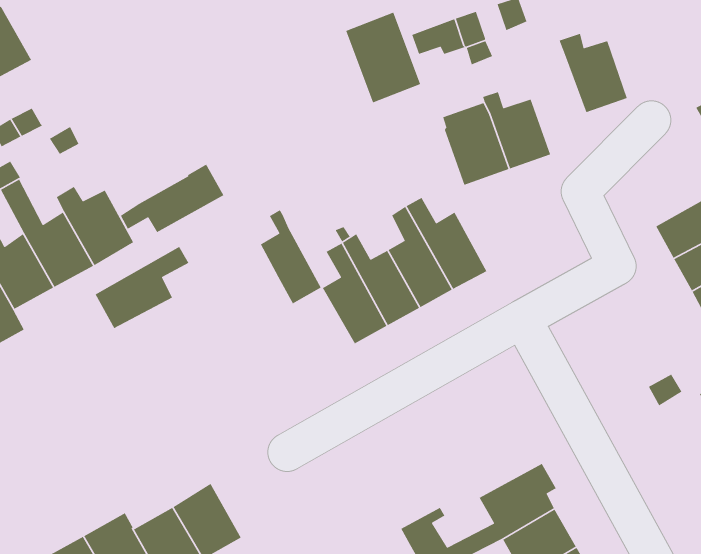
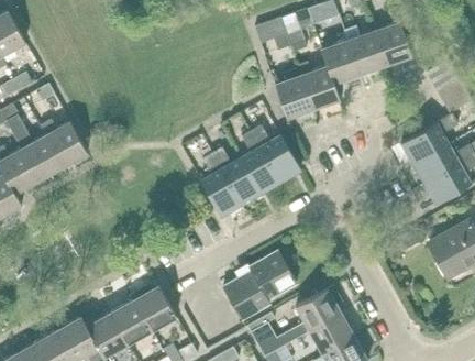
building: [345,12,421,104] -> none
building: none -> [374,21,413,66]
building: none -> [321,40,361,85]
building: [120,164,225,233] -> none
building: [260,209,322,304] -> none
building: [94,246,189,329] -> none
building: none -> [224,251,298,320]
building: none -> [132,284,177,331]

